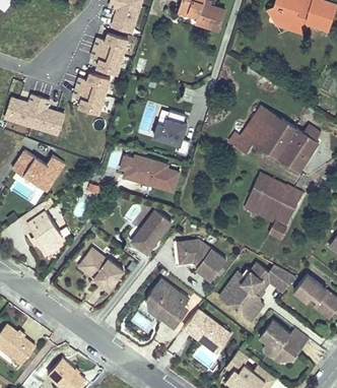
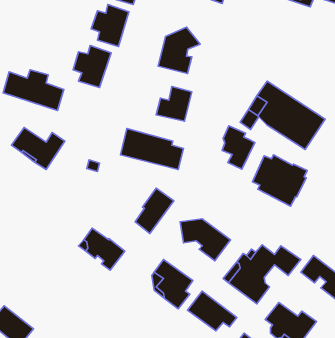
building: none -> [158,27,200,74]
building: none -> [222,126,255,169]
building: [18,203,61,249] -> none

